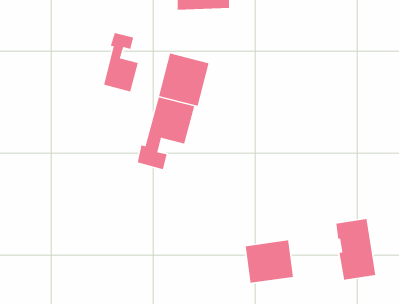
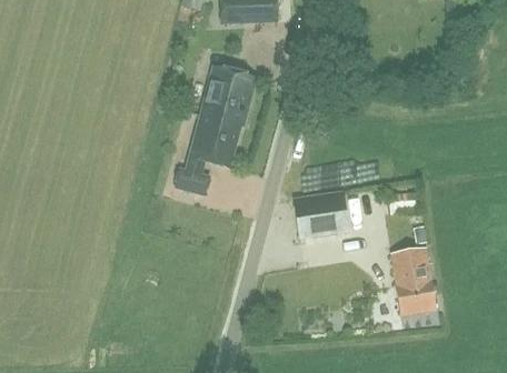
building: [103,32,139,93] -> none
building: [245,240,294,284] -> [295,190,348,238]

